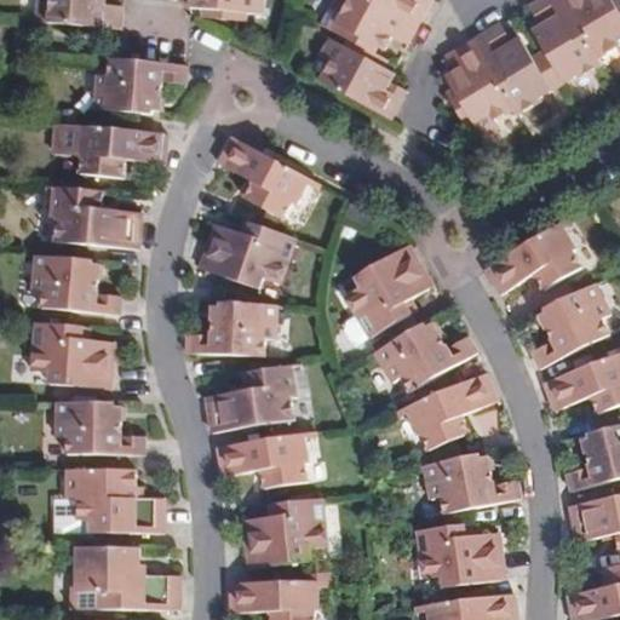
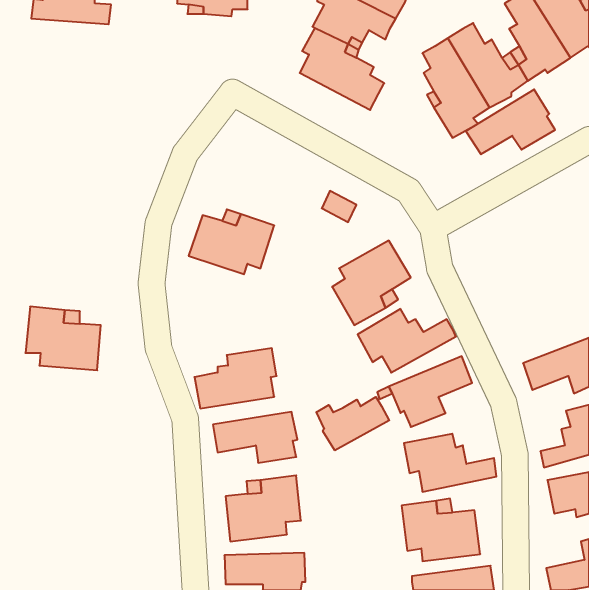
building: [91,57,183,108] -> none
building: [76,124,161,174] -> none
building: [224,142,311,222] -> none
building: [48,186,134,243] -> none
building: [488,224,581,292] -> [466,89,555,154]
building: [30,254,119,310] -> none
building: [529,282,610,367] -> none
building: [185,302,275,351] -> none
building: [56,401,144,449] -> none
building: none -> [316,397,389,450]
building: [68,469,160,529] -> none
building: [75,546,174,605] -> none

